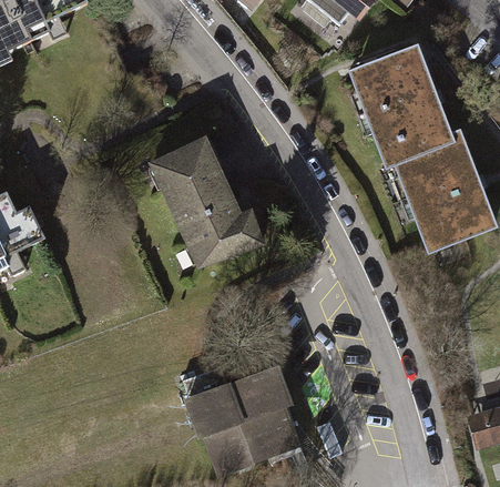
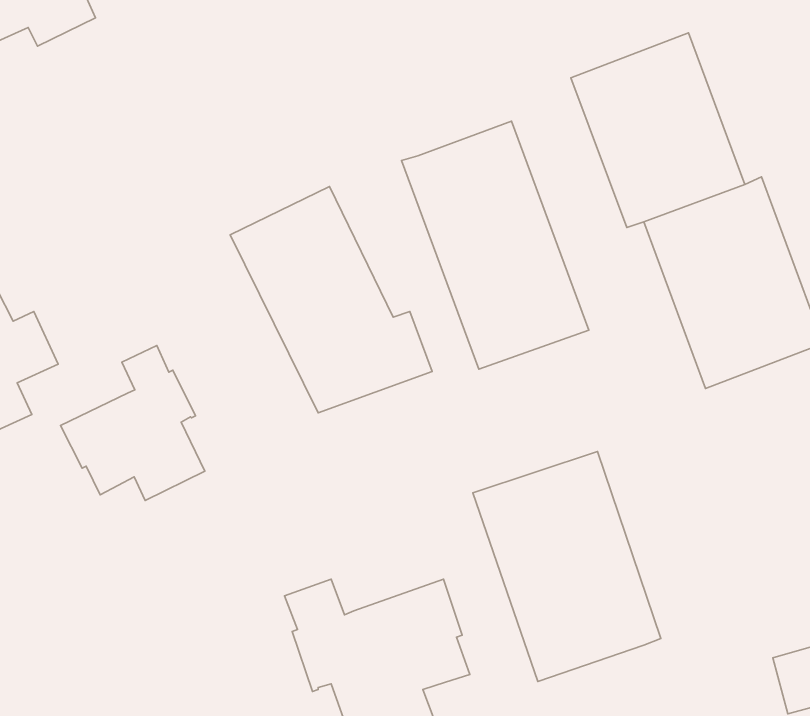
building: none -> [401,121,589,369]
building: none -> [60,346,205,500]
building: none -> [473,452,661,681]

